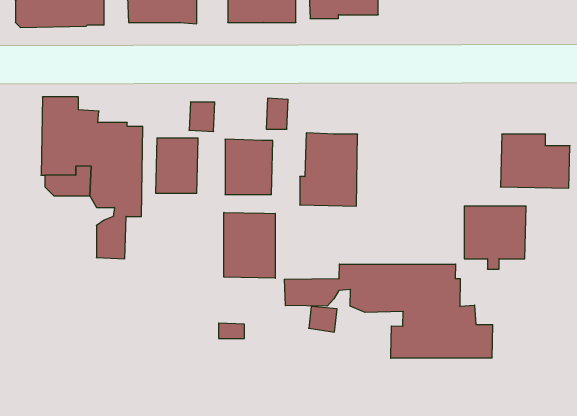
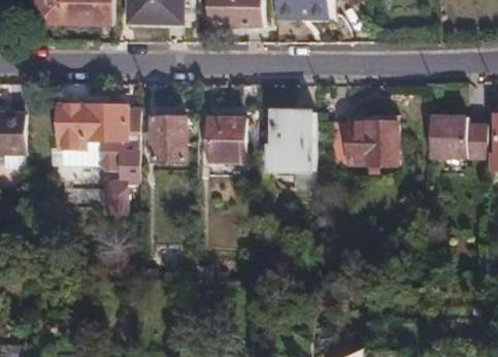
building: [464,206,526,269] -> [345,122,395,172]
building: [224,212,275,278] -> none
building: [284,264,493,358] -> none

